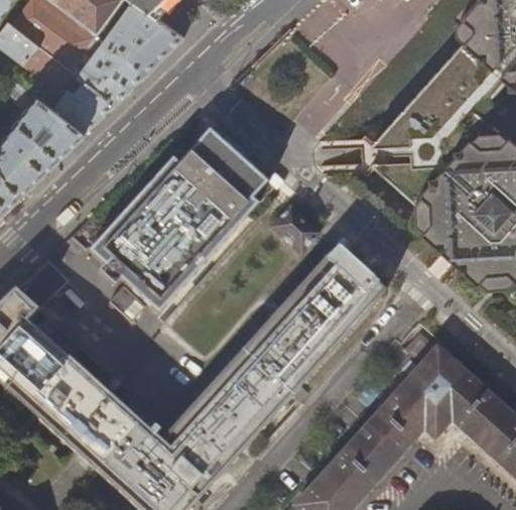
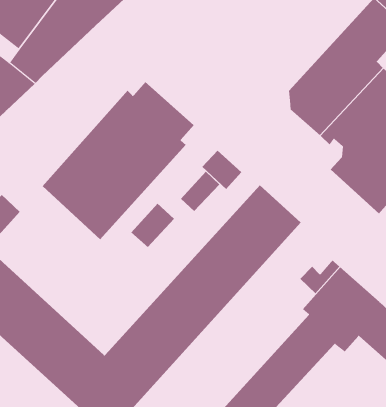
building: none -> [180,171,220,212]
building: none -> [130,203,175,248]

